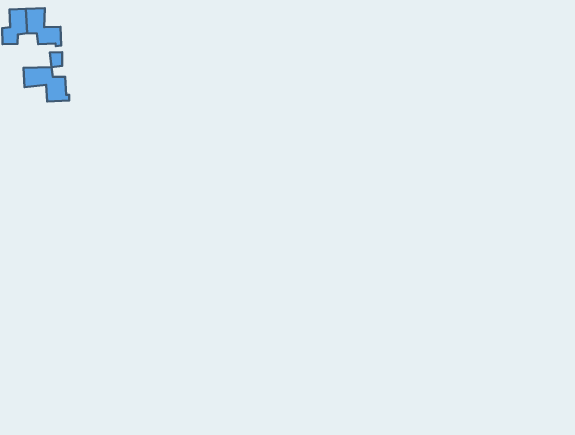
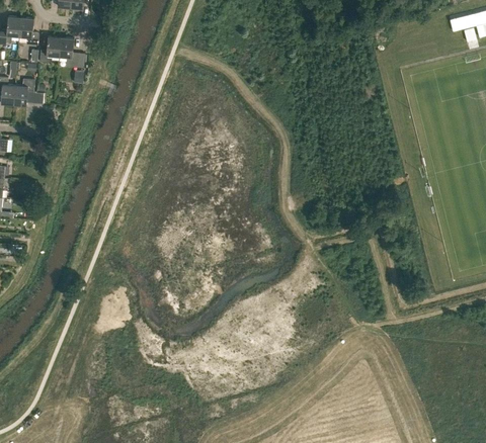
building: [24,67,69,101] -> none

